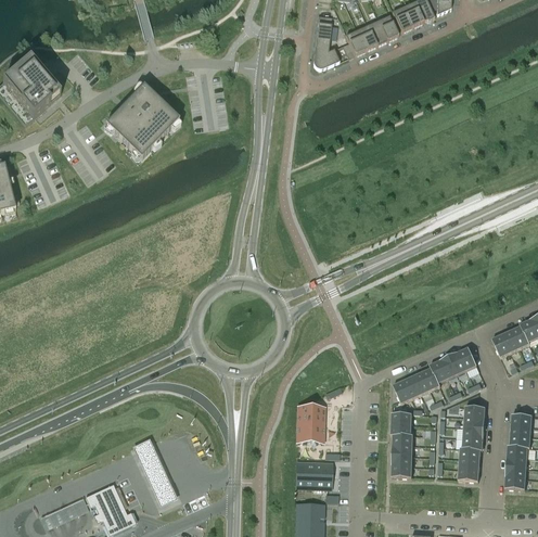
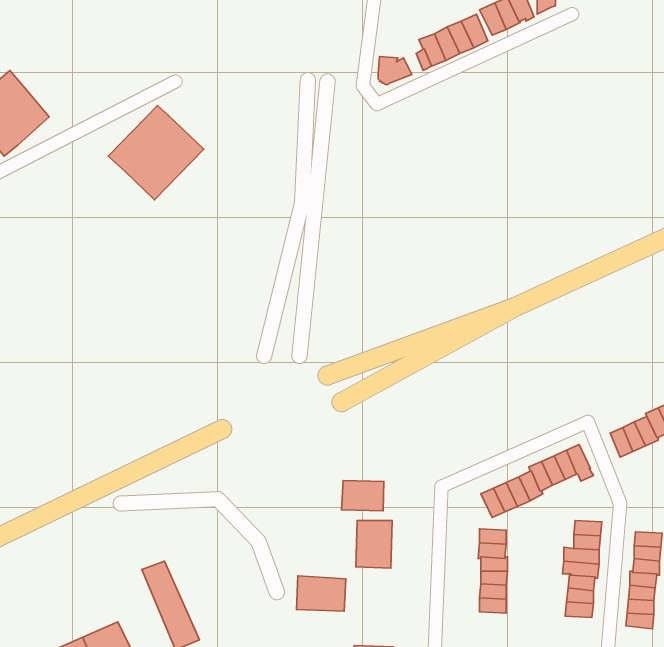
building: [315,14,337,48] -> none
building: none -> [342,480,384,511]
building: [295,460,333,487] -> [296,576,346,611]

